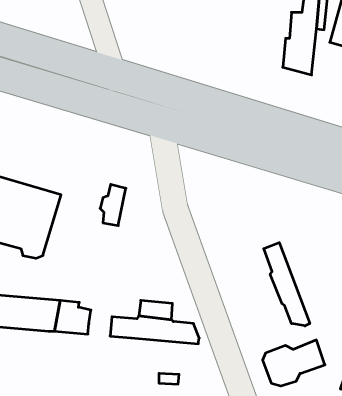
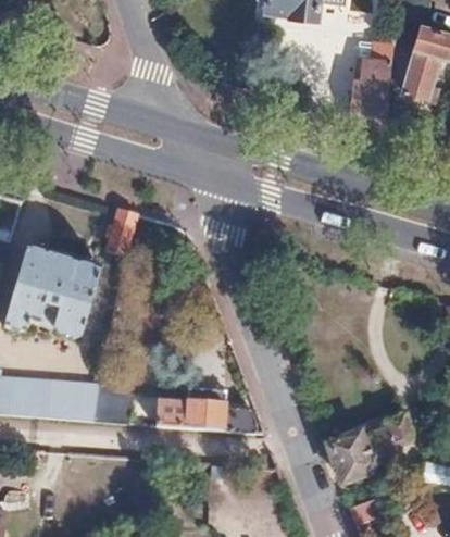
building: [100,184,126,226] -> [104,208,134,254]
building: [264,243,310,326] -> none

